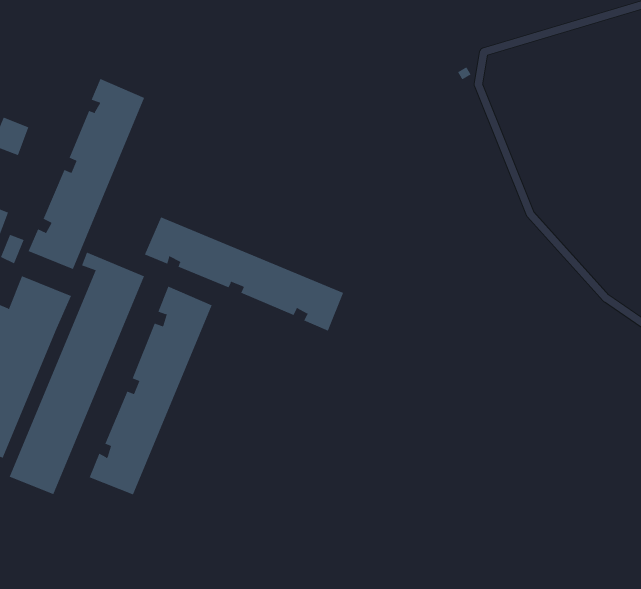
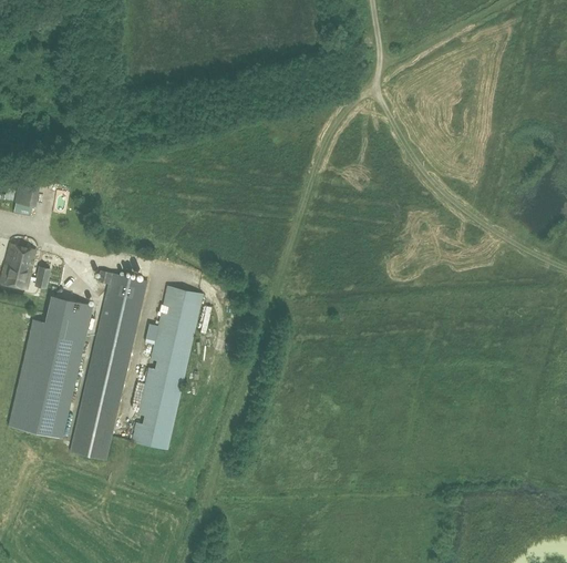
building: [28,78,145,270] -> none
building: [144,216,344,332] -> none

